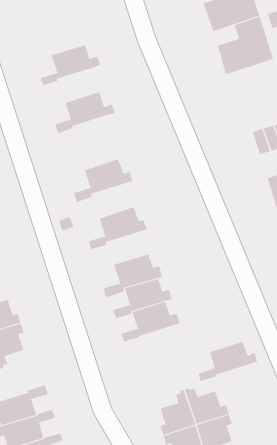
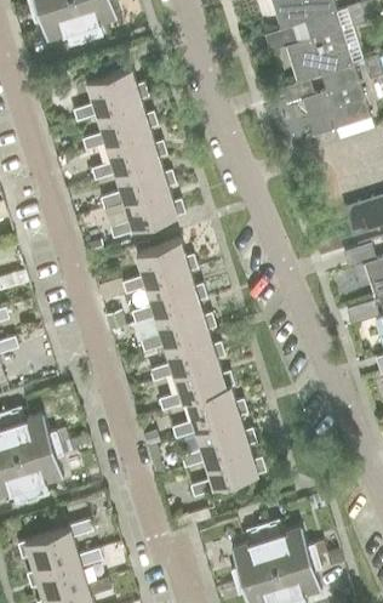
building: none -> [73,67,148,120]
building: none -> [91,127,167,178]
building: none -> [110,186,185,237]
building: none -> [132,269,206,323]
building: none -> [152,329,224,381]
building: [198,341,258,382] -> [192,445,265,495]

